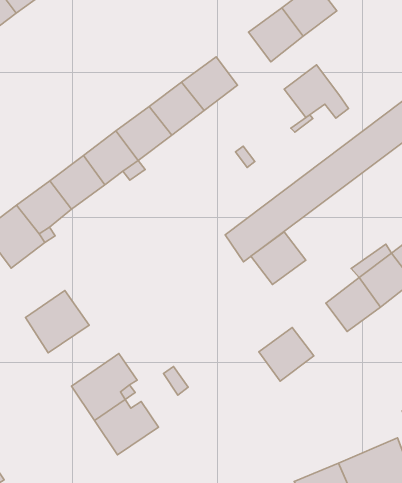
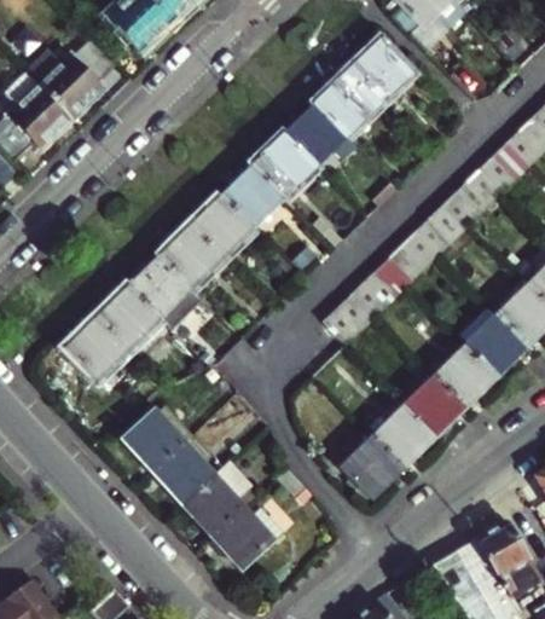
building: [284,65,349,118] -> [285,108,355,164]
building: [251,232,306,285] -> [404,380,462,436]
building: none -> [152,436,220,503]
building: none -> [342,440,399,497]

